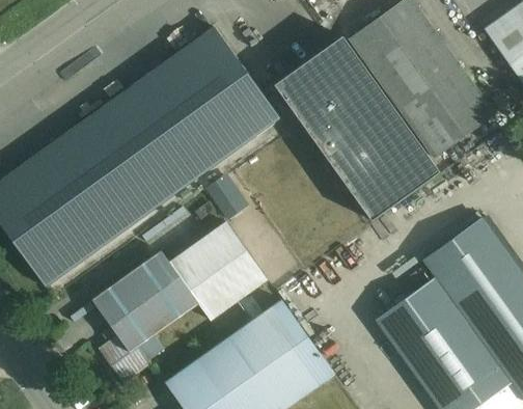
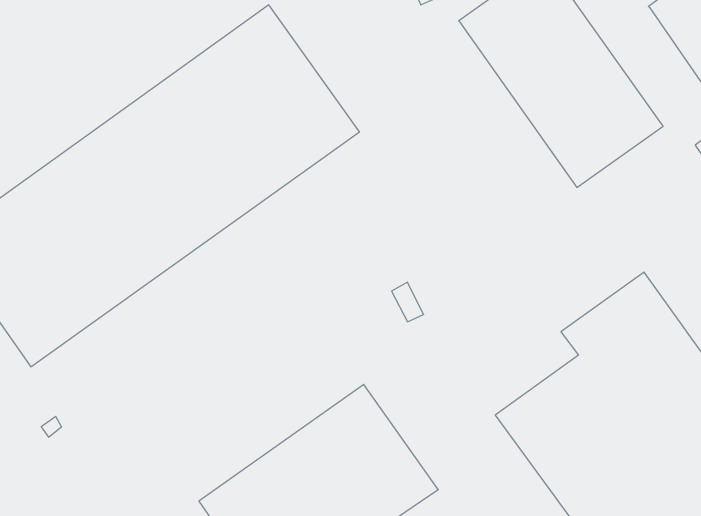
building: [274,36,441,223] -> none
building: [93,222,268,383] -> none

